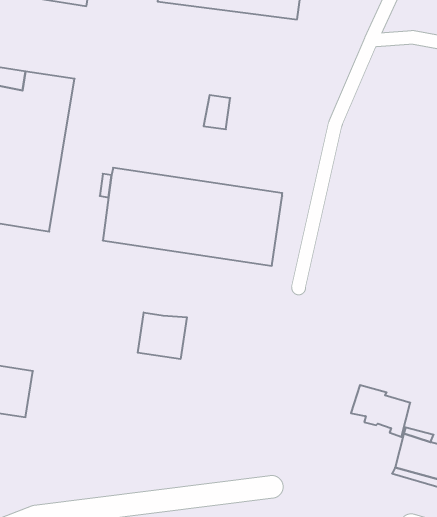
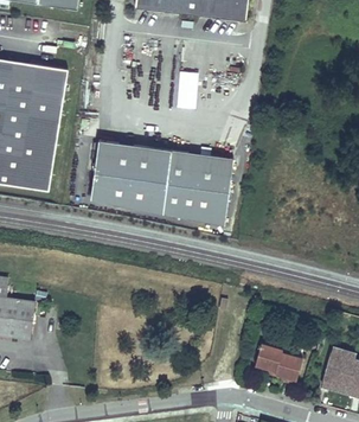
building: [138,312,187,359] -> none
building: [351,385,410,437] -> [254,344,301,385]

